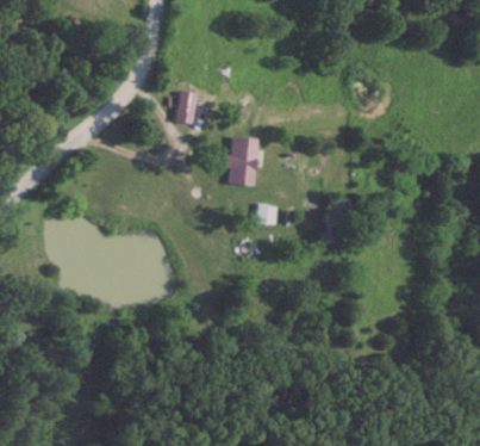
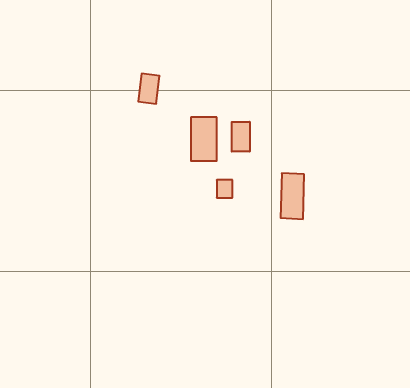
building: none -> [232,122,250,152]

